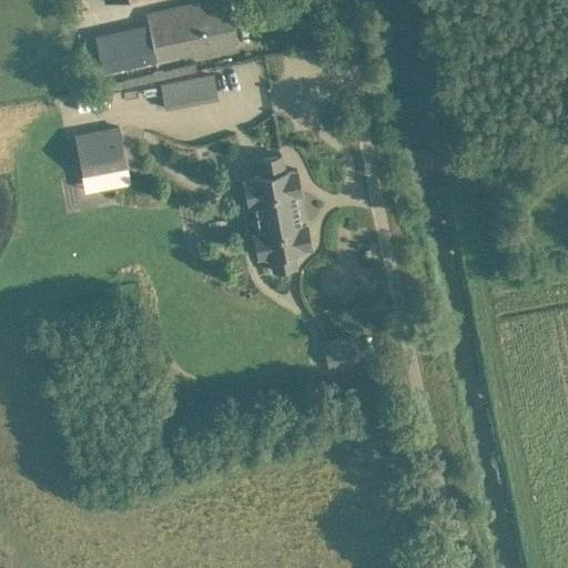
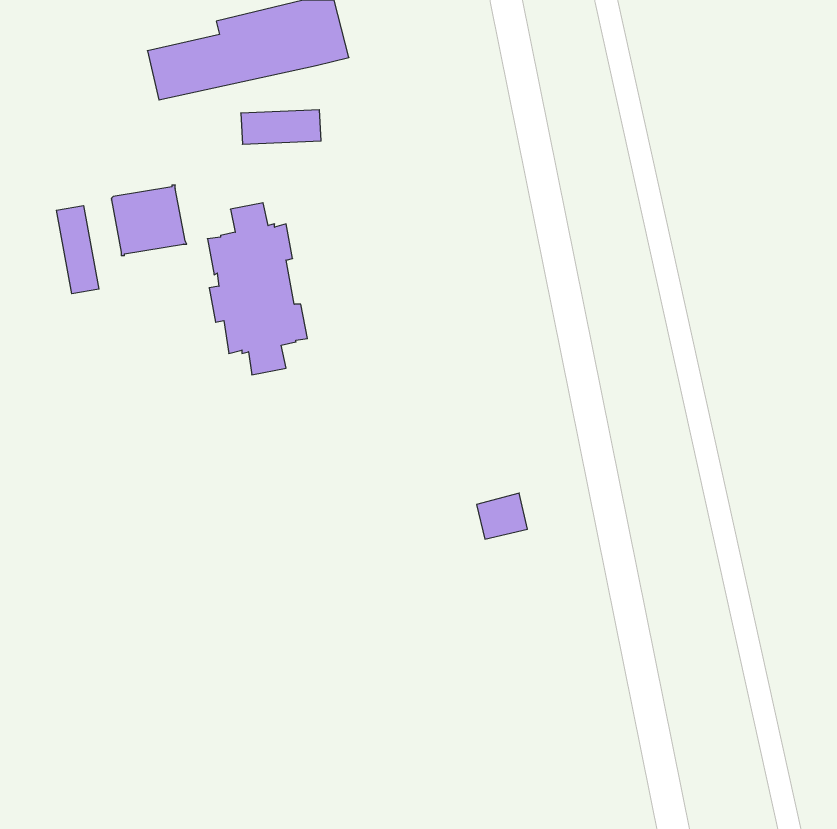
building: none -> [56,206,99,294]
building: [243,159,311,275] -> [207,203,307,375]

